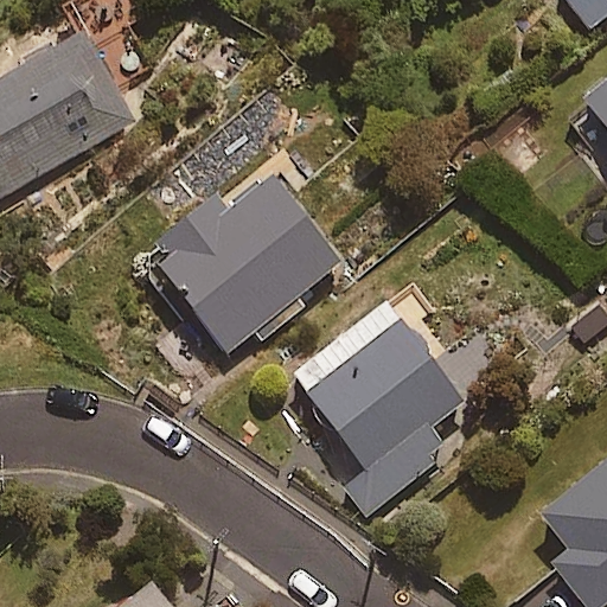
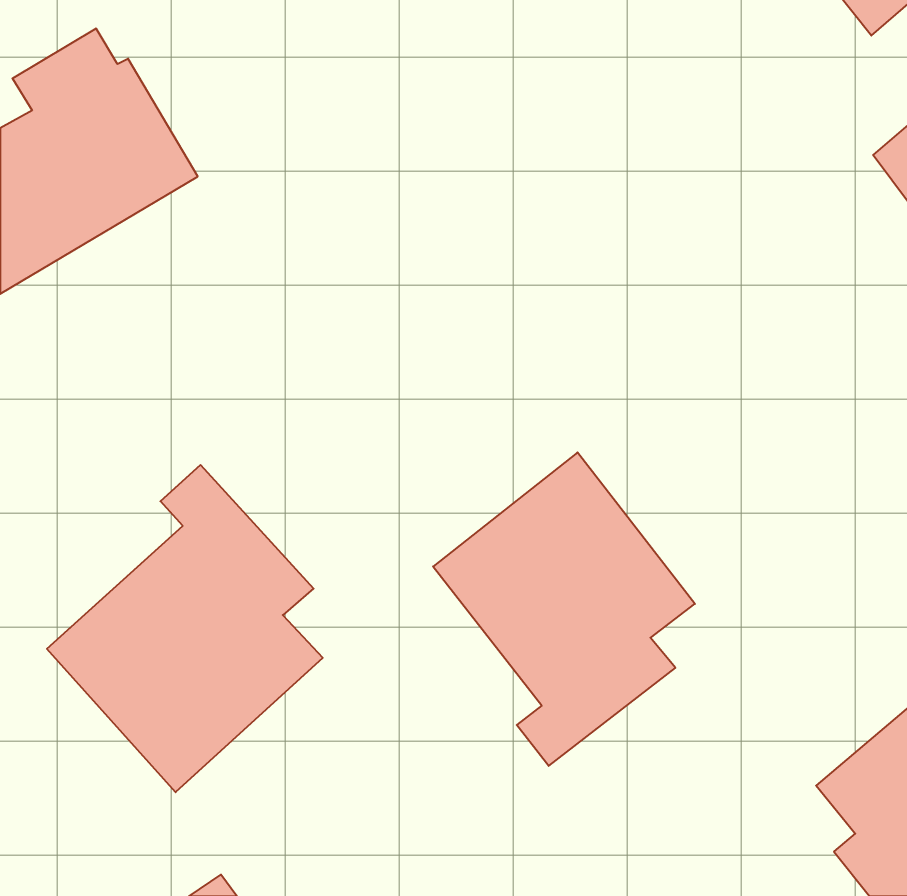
building: [147,165,343,351] -> none
building: none -> [47,465,323,792]

